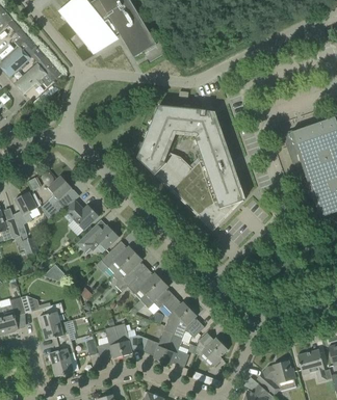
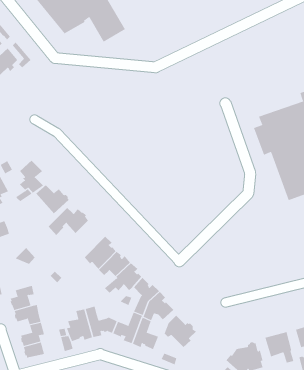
building: [137,105,243,230] -> none
building: [101,241,135,273] -> none

